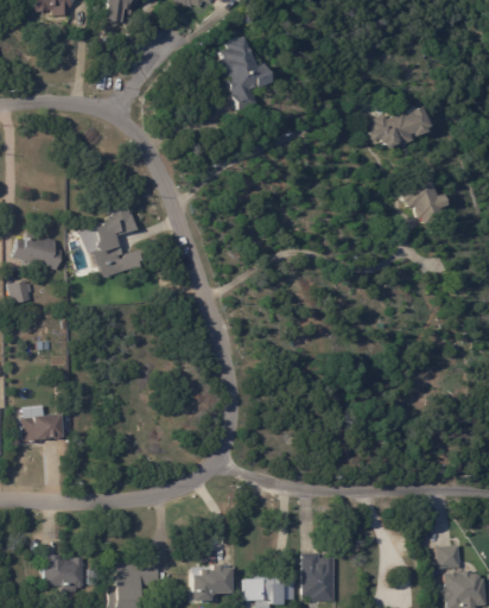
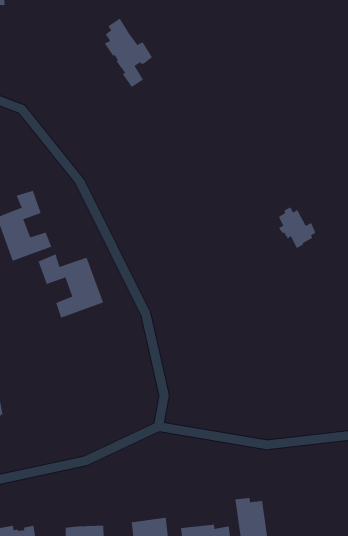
building: [362,103,421,147] -> none
building: [400,173,439,218] -> [278,206,316,249]
building: none -> [38,254,104,318]

